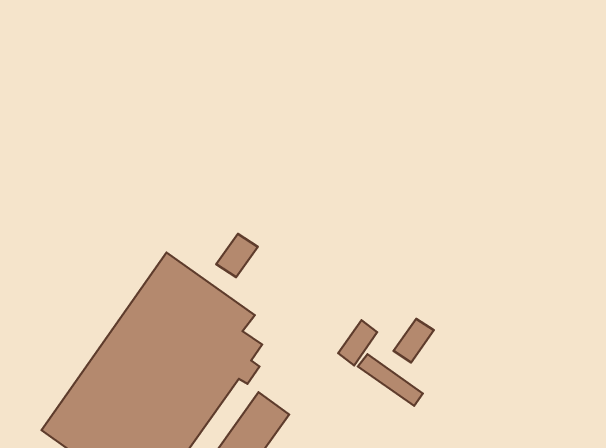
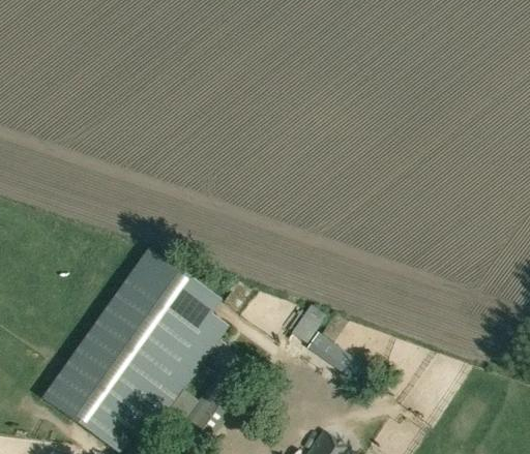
building: [216,234,258,277] -> none
building: [393,319,434,362] -> none

